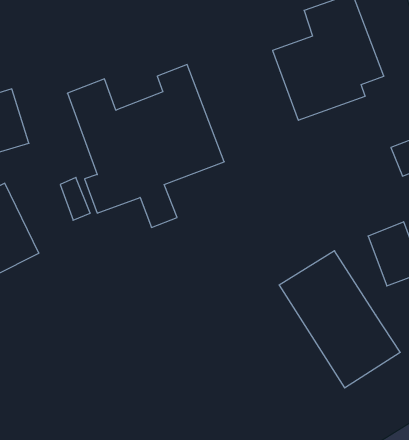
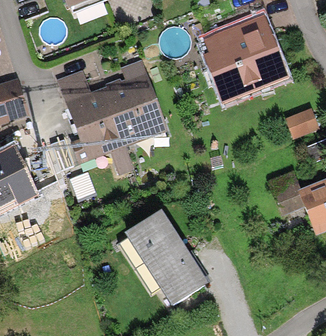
building: [279,251,400,388] -> [124,210,209,306]

